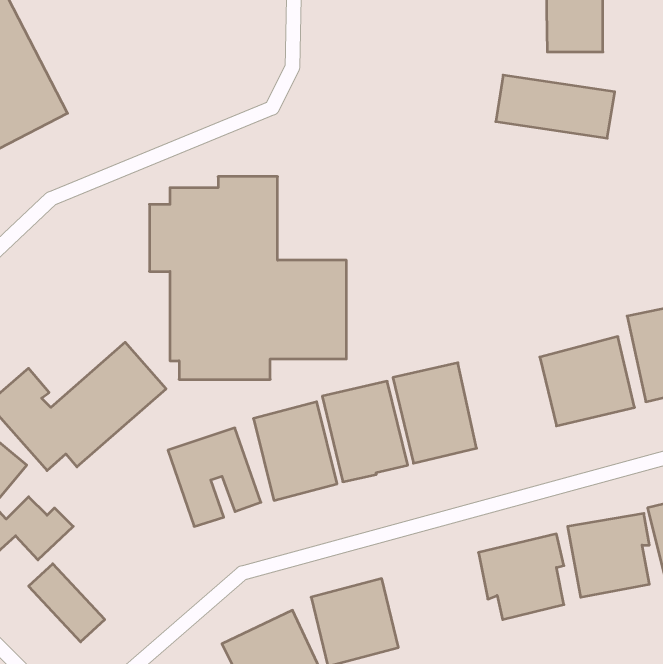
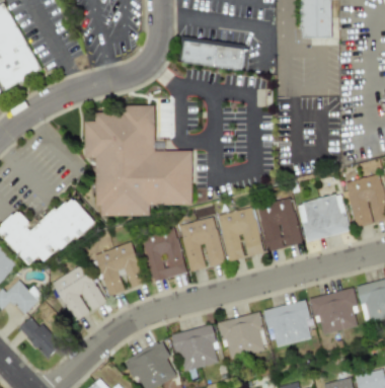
building: [496,75,615,138] -> [180,36,245,71]
building: none -> [257,198,300,250]
building: none -> [52,264,104,321]
building: none -> [220,313,264,359]

